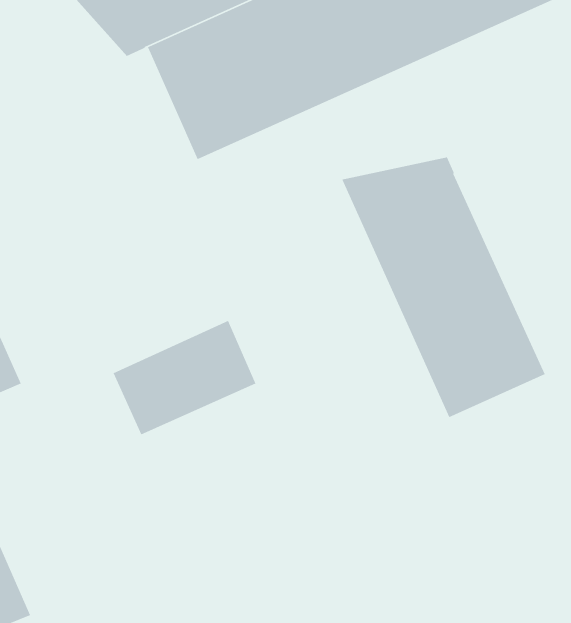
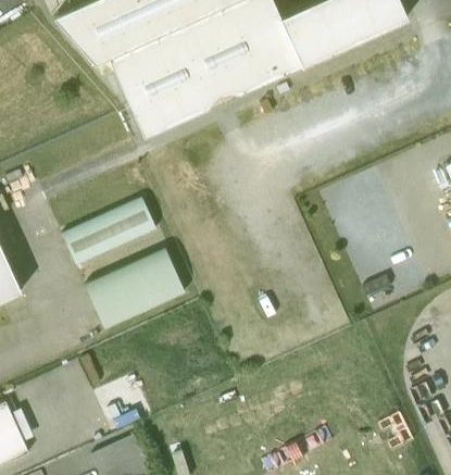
building: [341,157,546,418] -> none
building: none -> [63,198,156,265]

